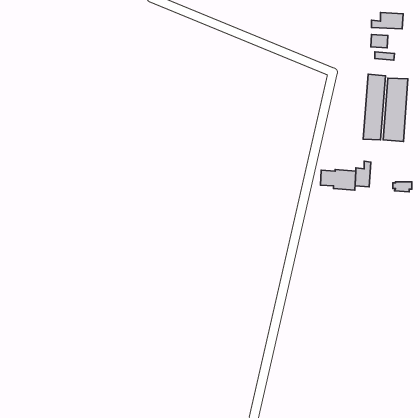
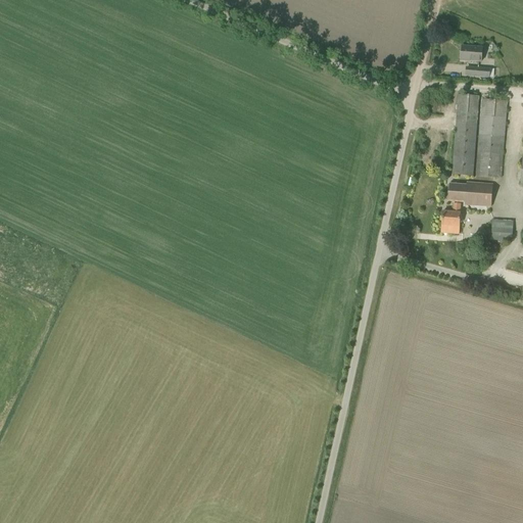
building: [371,12,403,29] -> none
building: [320,169,356,190] -> [448,180,492,205]

